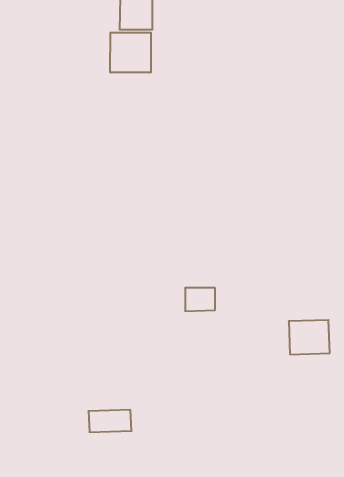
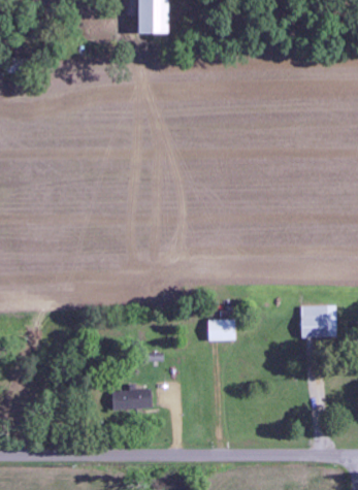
building: [110,33,151,73] -> none
building: [185,288,215,311] -> [206,319,234,340]

